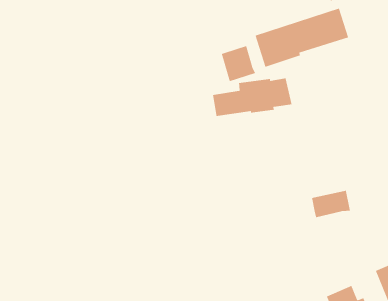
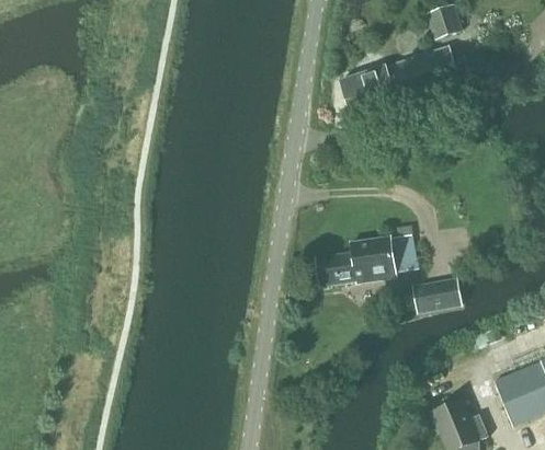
building: [221,45,256,82] -> none
building: [212,77,292,117] -> [317,235,419,286]

